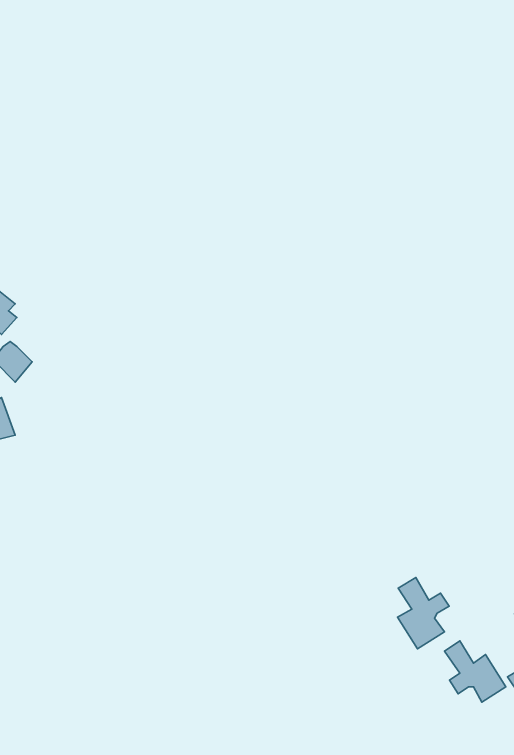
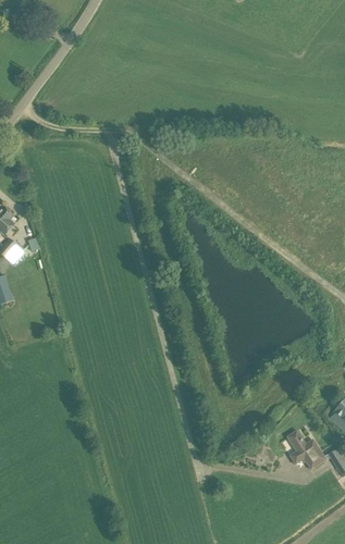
building: [398,577,449,649] -> none

